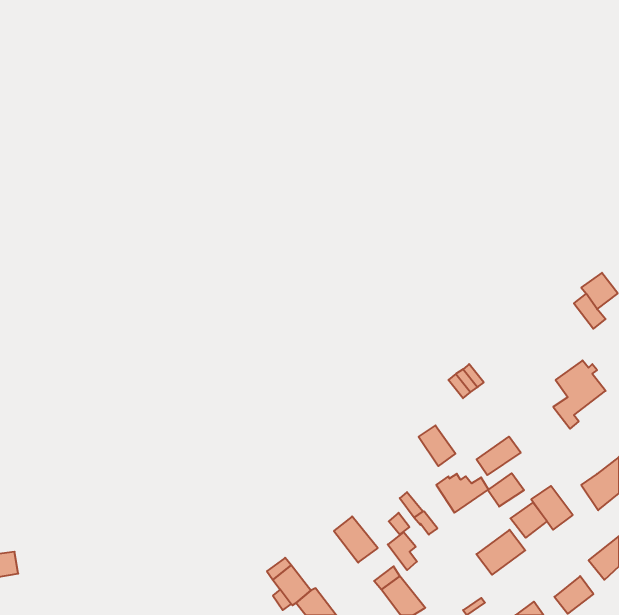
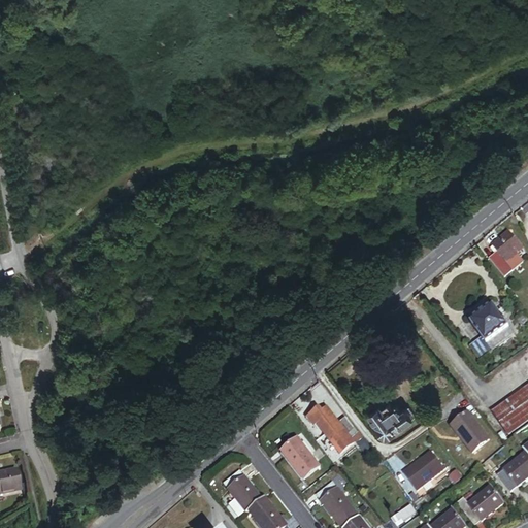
building: [419,425,455,466] -> none
building: [477,437,521,475] -> none
building: [488,473,524,507] -> none
building: [510,502,547,538] -> none
building: [388,532,417,570] -> [312,409,337,441]

